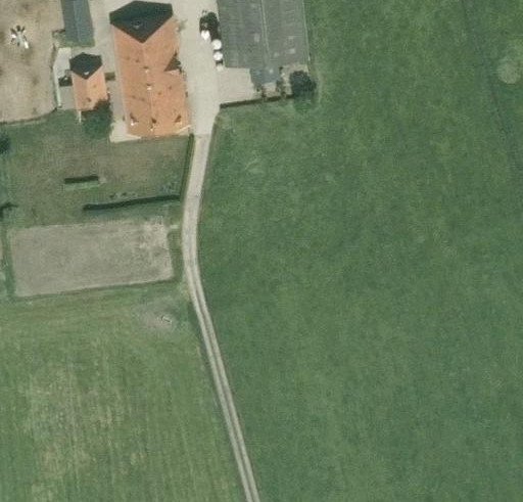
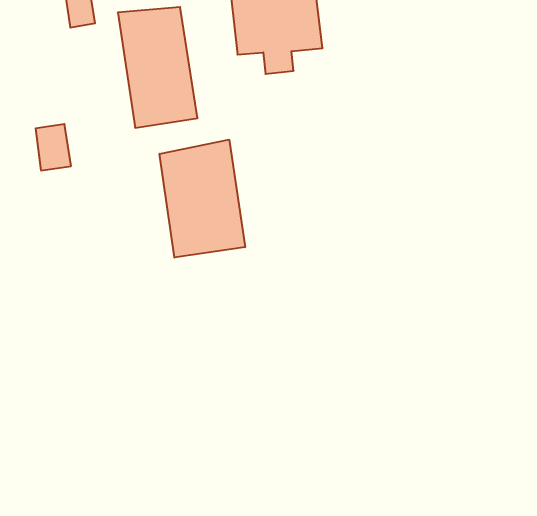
building: [73,63,106,107] -> [36,124,71,170]
building: none -> [160,140,245,258]

